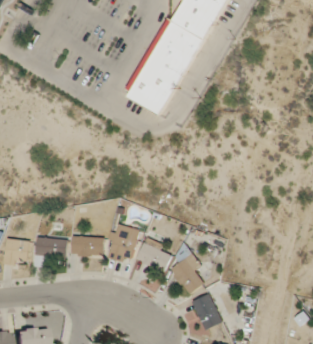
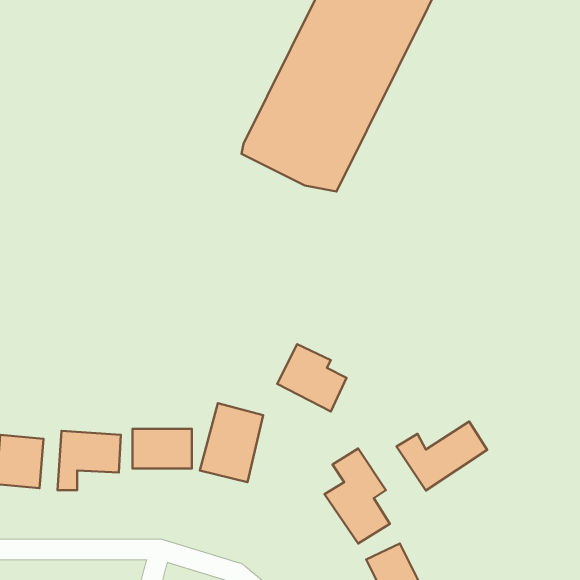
building: none -> [396,422,487,491]
building: [137,238,172,272] -> [277,344,347,412]

